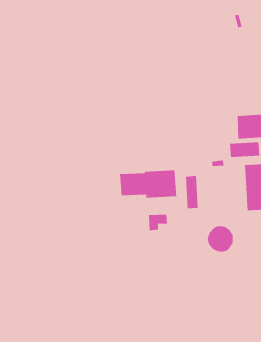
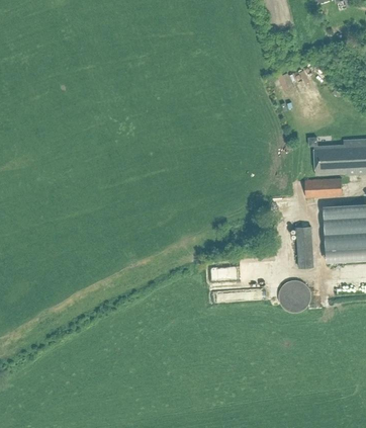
building: [119,169,177,199] -> none
building: [185,176,199,209] -> [296,226,312,266]

